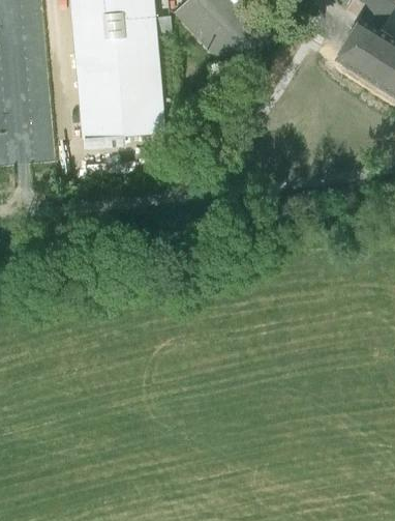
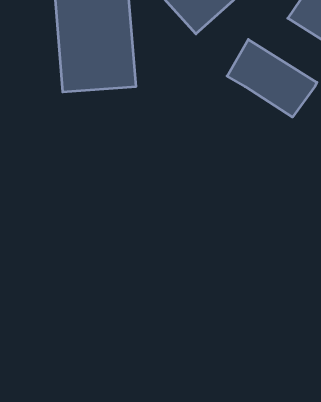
building: none -> [227,39,317,117]

